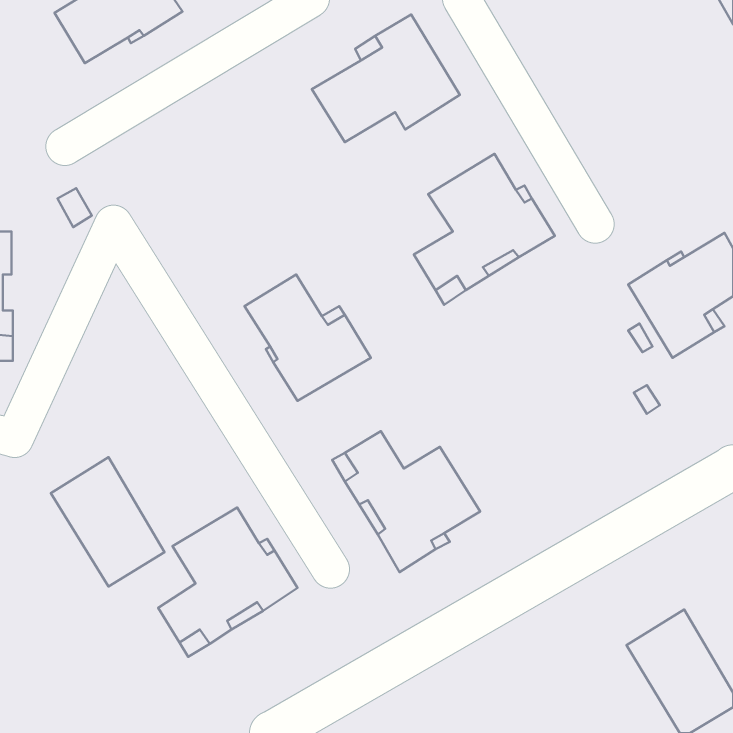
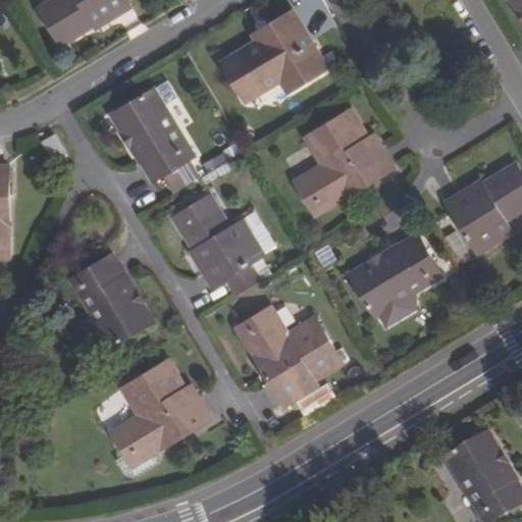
building: none -> [111,89,194,180]
building: none -> [349,232,440,315]
building: [51,457,164,587] -> [71,252,152,344]

